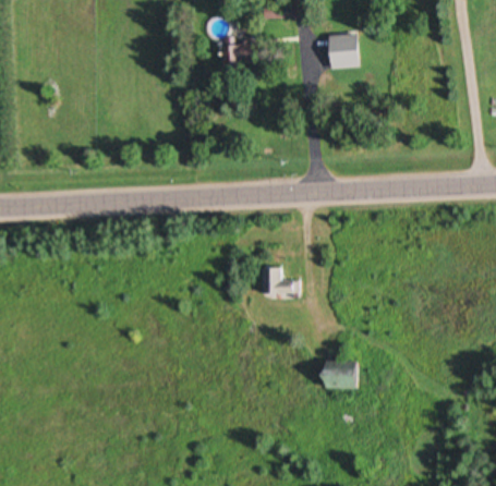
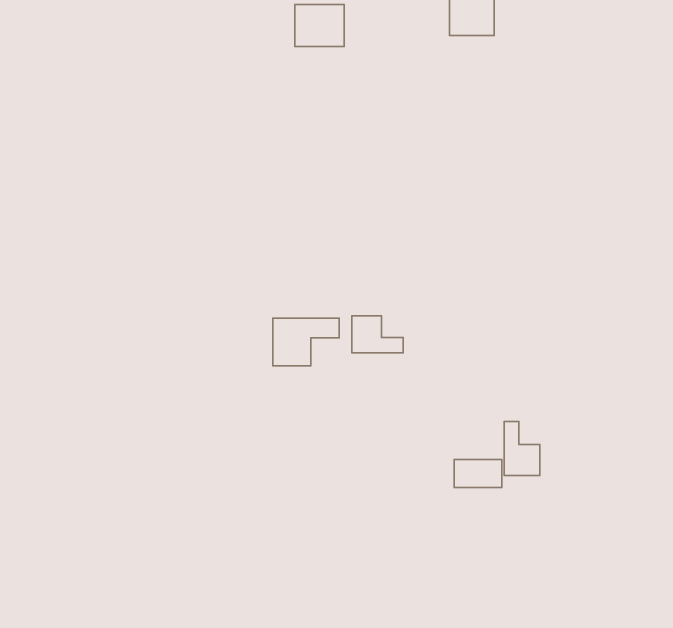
building: none -> [273,318,339,366]
building: none -> [504,421,540,476]

